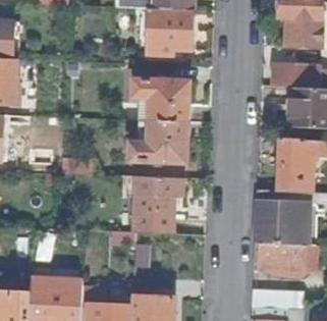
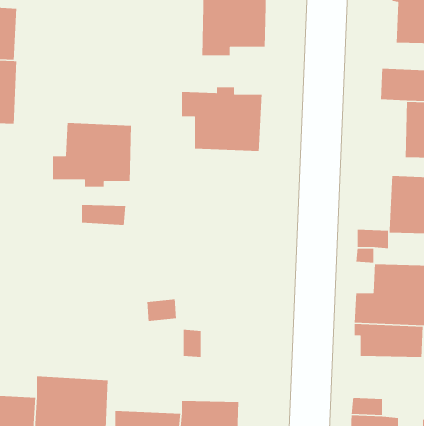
building: [131,121,187,167] -> [52,122,132,188]
building: [133,177,182,234] -> none

